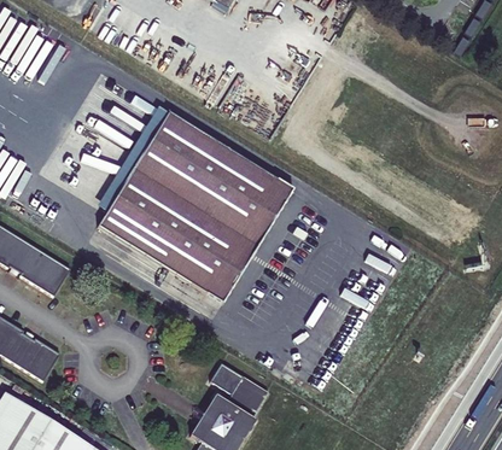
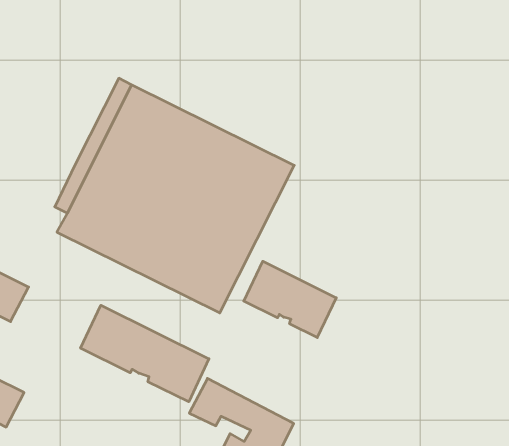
building: none -> [244,261,336,338]
building: none -> [81,305,209,402]

